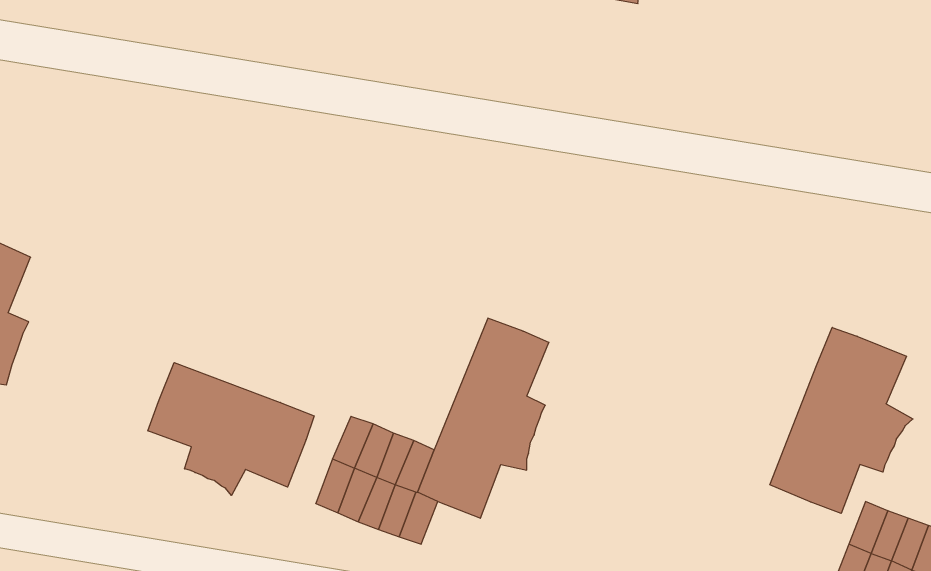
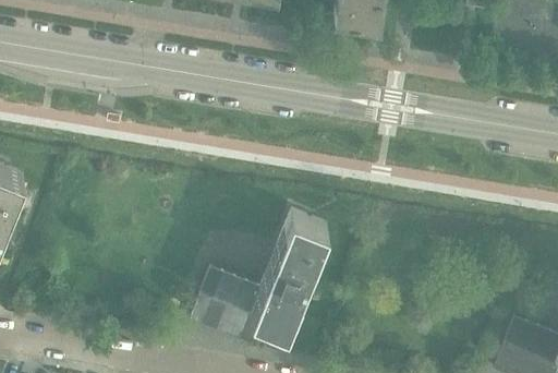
building: [770,327,913,513] -> none
building: [148,363,314,495] -> none

